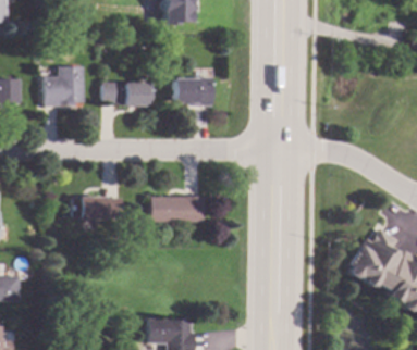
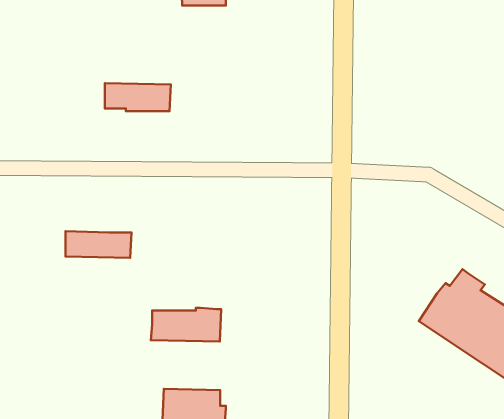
building: [45,66,84,107] -> none
building: [174,78,213,105] -> none
building: [150,195,205,221] -> [151,308,221,342]

